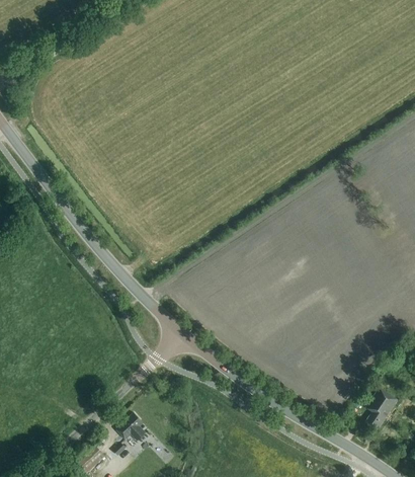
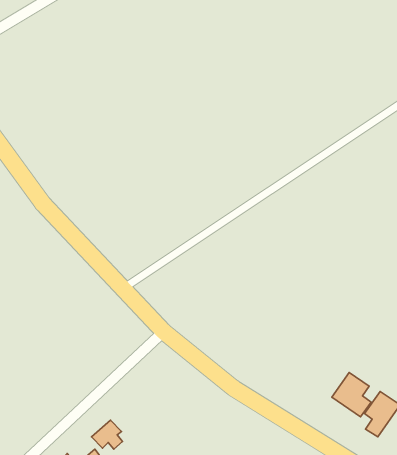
building: none -> [332,372,371,417]

